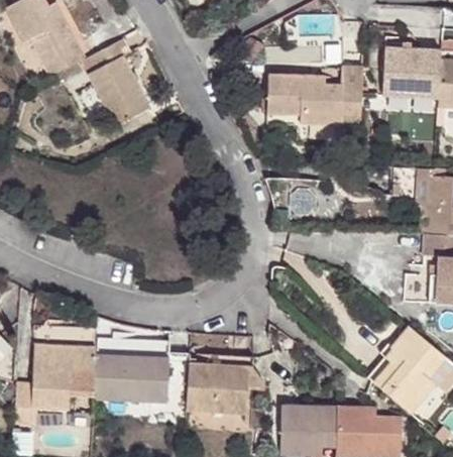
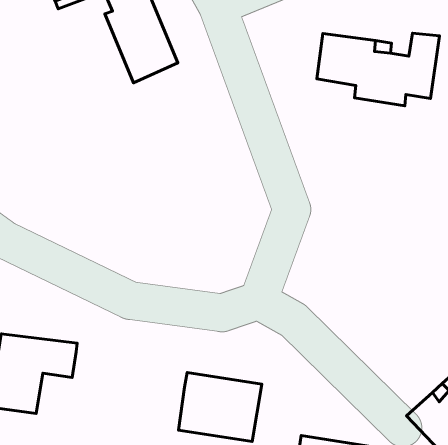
building: [93,354,187,409] -> none

